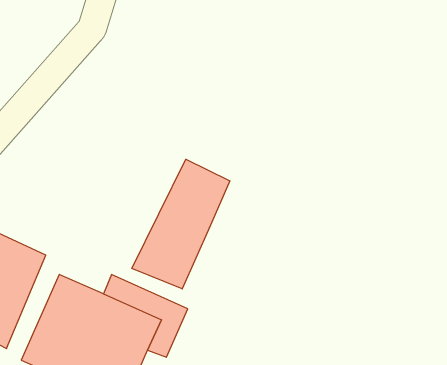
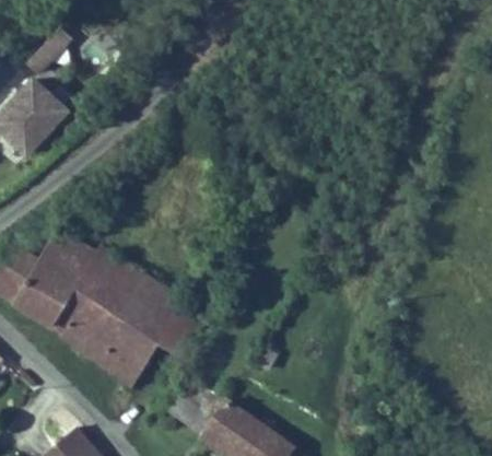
building: [132,159,230,289] -> none

